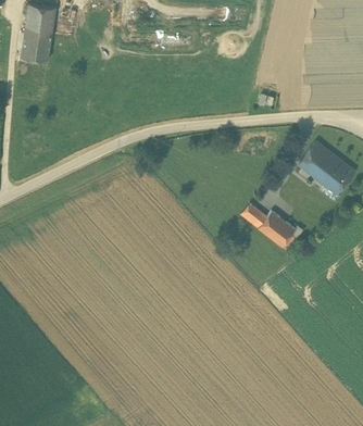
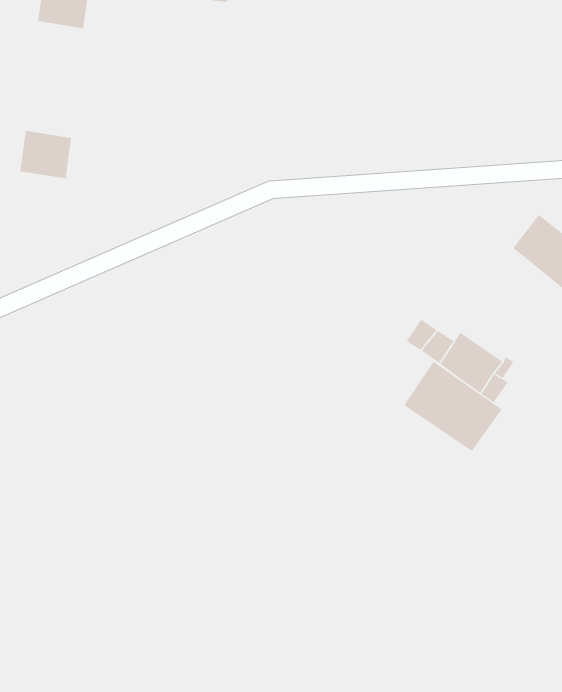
building: [22,33,52,61] -> [20,130,72,179]
building: none -> [403,361,503,452]

